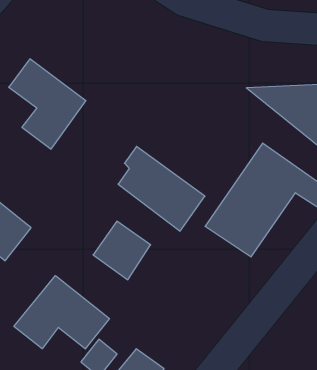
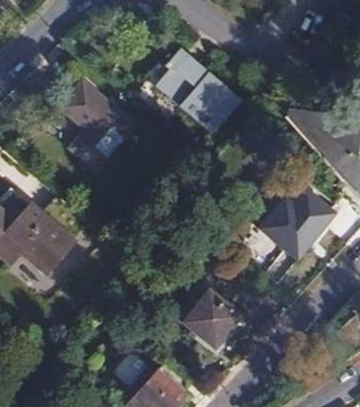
building: [118,146,205,231] -> [158,53,239,135]
building: [93,221,151,280] -> [185,293,239,348]
building: [14,276,109,349] -> none

